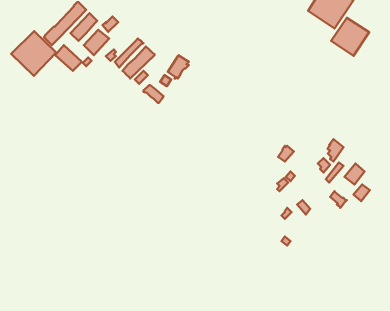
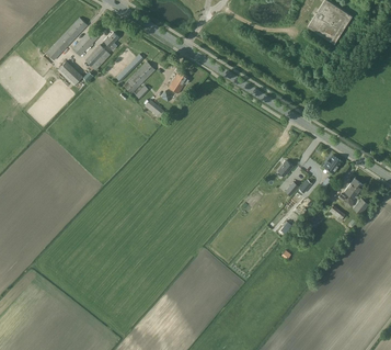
building: [331,18,369,56] -> none
building: [11,31,56,76] -> none

